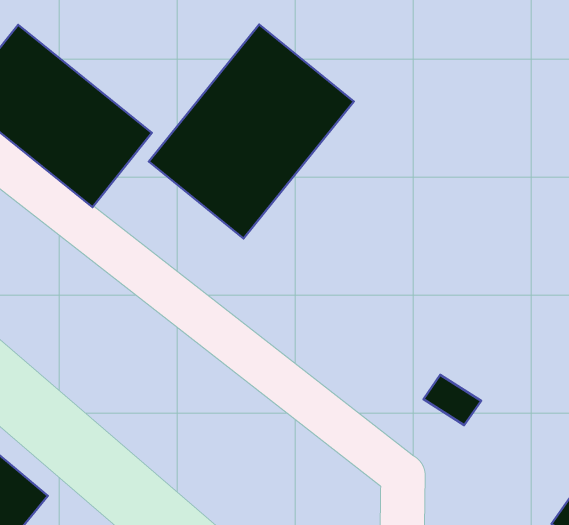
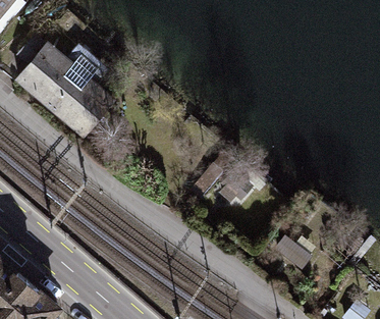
building: [149,24,354,238] -> none

